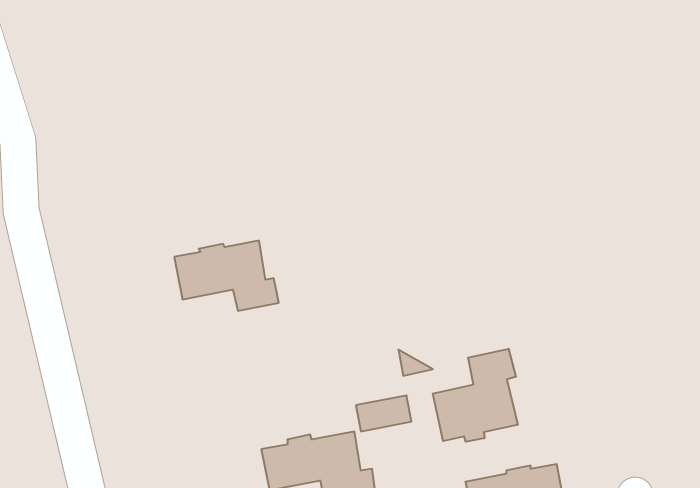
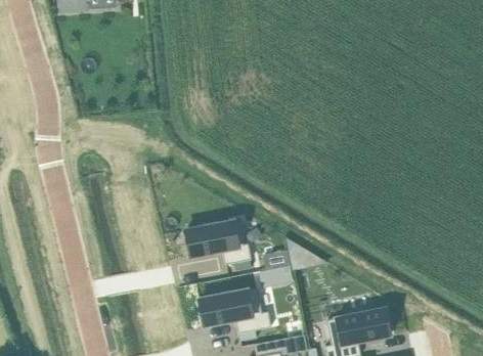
building: [174,241,279,311] -> [185,219,251,263]
building: [433,349,518,442] -> none

